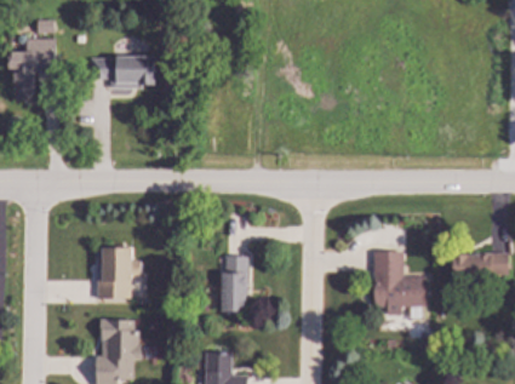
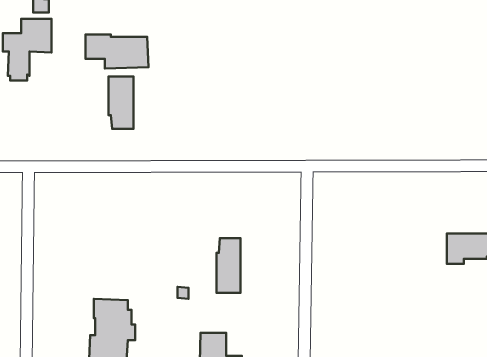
building: none -> [108,77,133,129]
building: [96,246,138,297] -> none
building: [372,251,425,315] -> none

